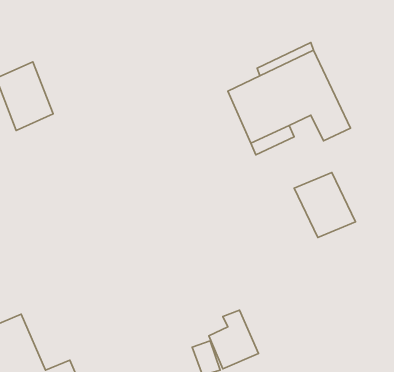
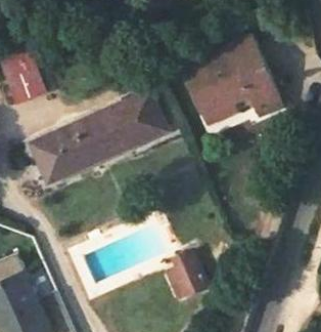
building: none -> [31,93,165,183]
building: [294,172,355,238] -> none

